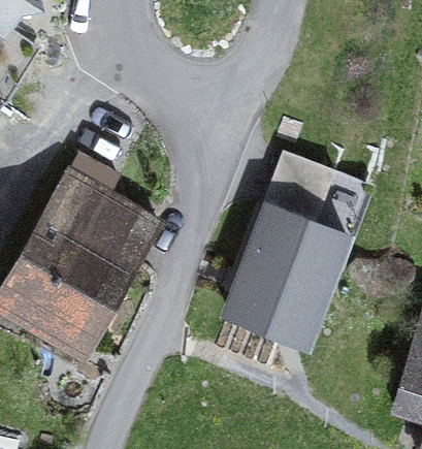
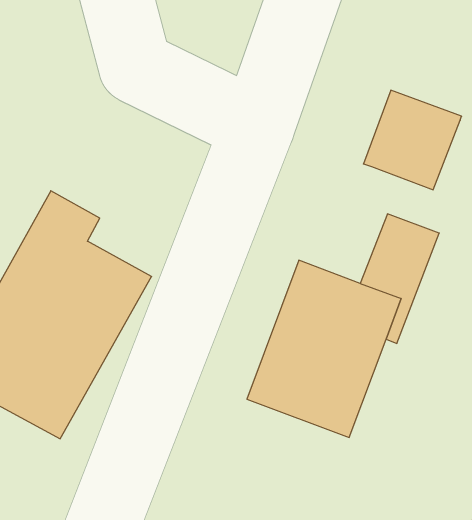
building: [257,153,331,228] -> [363,90,462,190]

